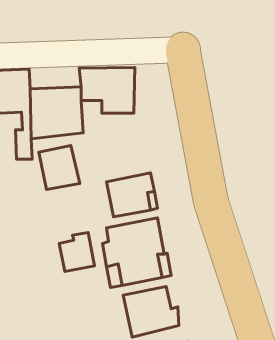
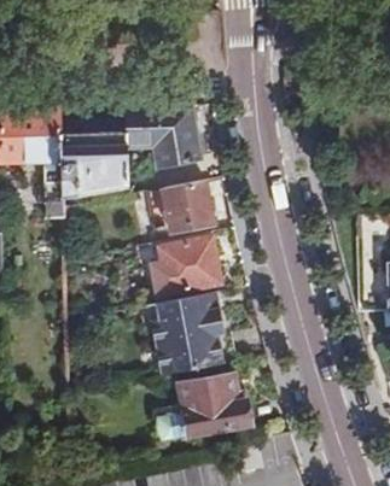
building: [39,145,80,189] -> [163,180,214,234]
building: [59,232,94,271] -> none

